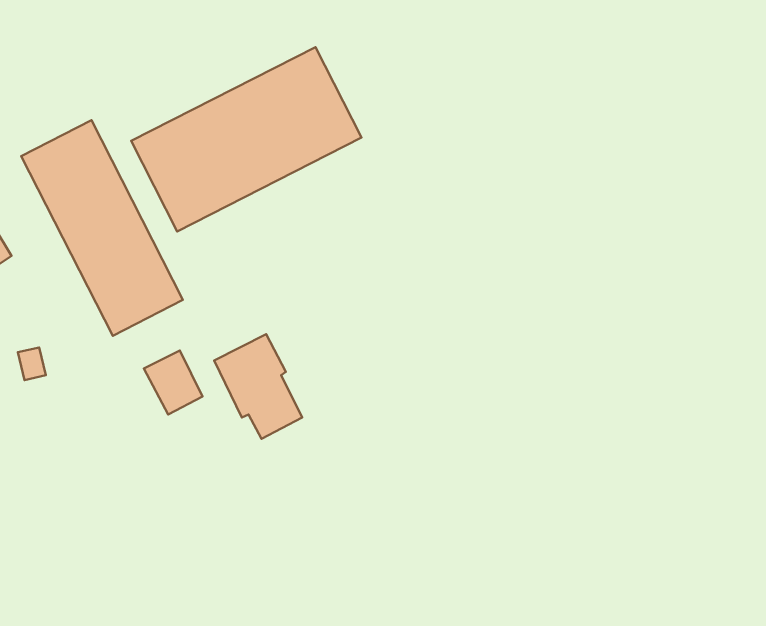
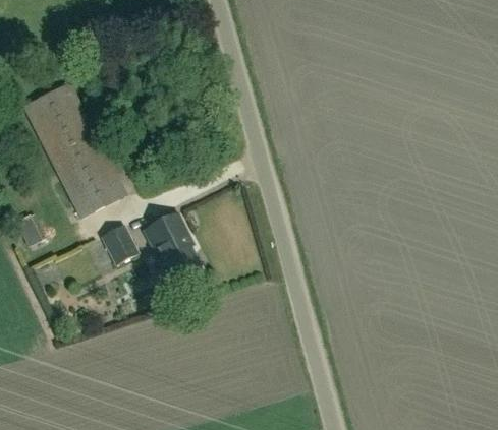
building: [131,47,361,231] -> none

